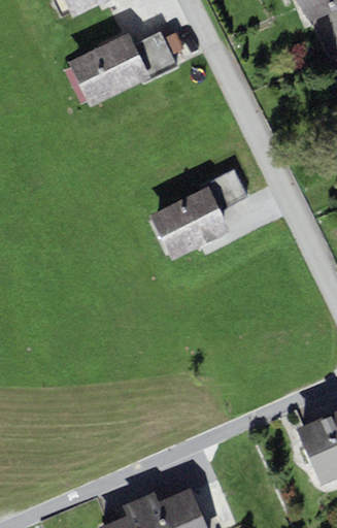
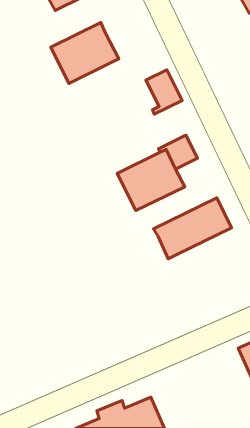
building: [134,32,178,86] -> [146,70,182,114]
building: none -> [153,198,231,259]

